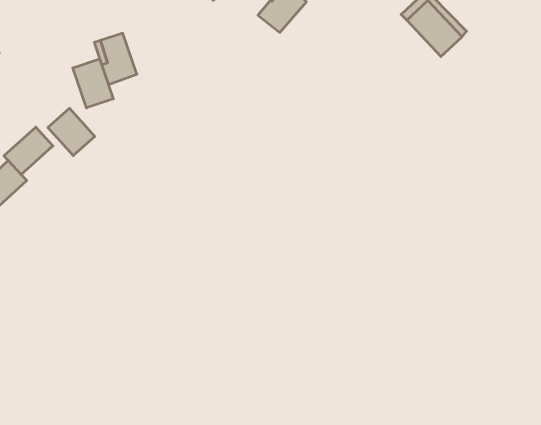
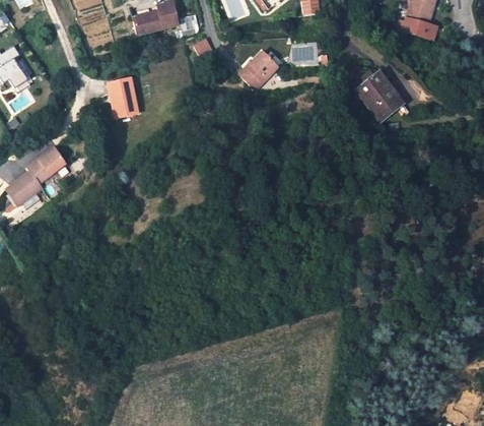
building: [73,59,113,108] -> none
building: [48,108,95,156] -> none

